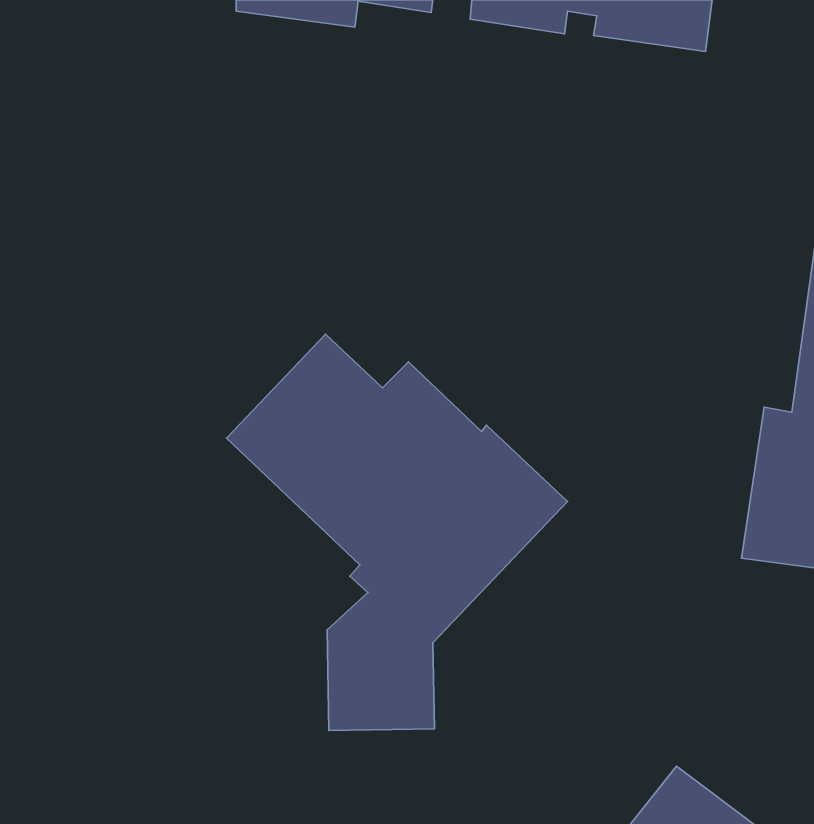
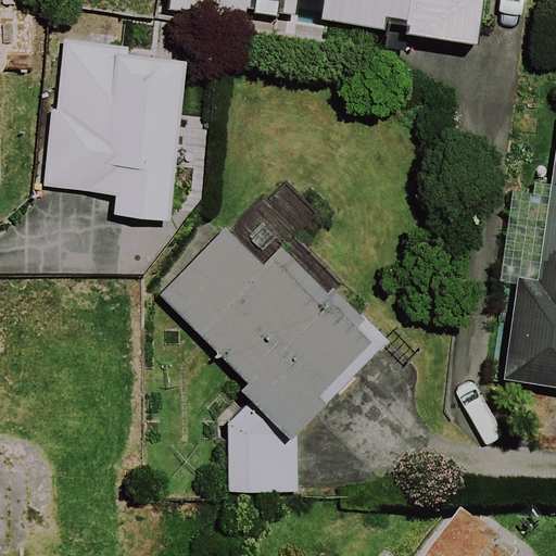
building: none -> [43,39,187,217]

